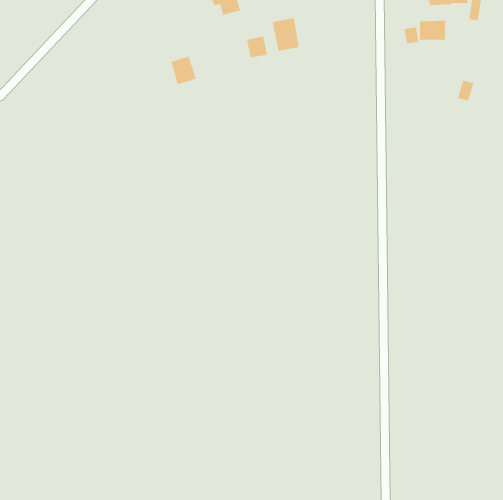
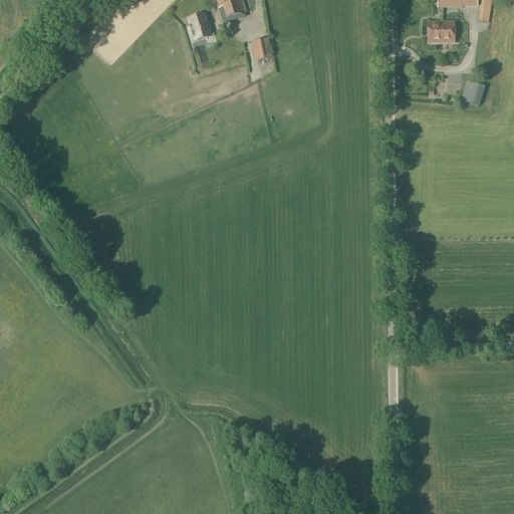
building: [272,17,300,52] -> none
building: [170,55,197,85] -> [186,11,213,41]

